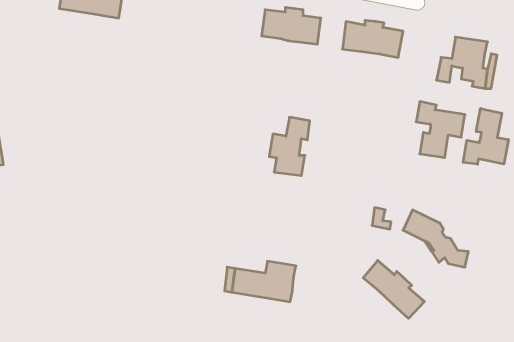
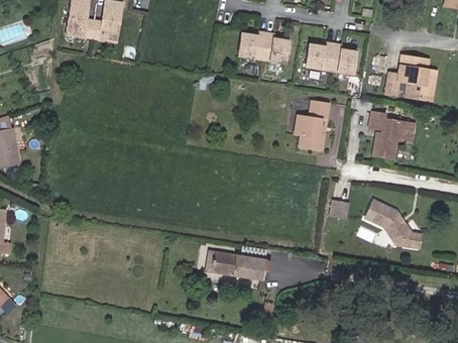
building: [463,108,508,164] -> none
building: [269,117,310,176] -> [295,101,329,150]
building: [363,260,424,318] -> none

